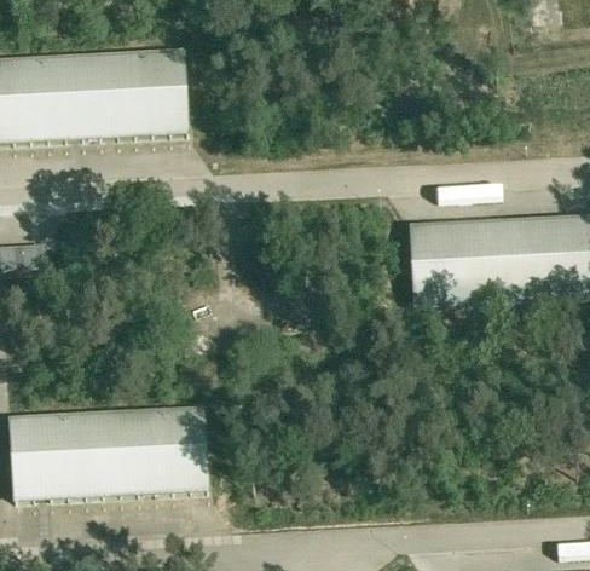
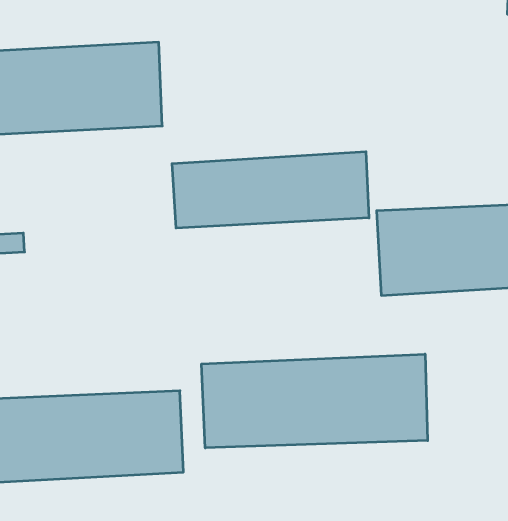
building: none -> [172,152,369,228]
building: none -> [202,354,428,448]

